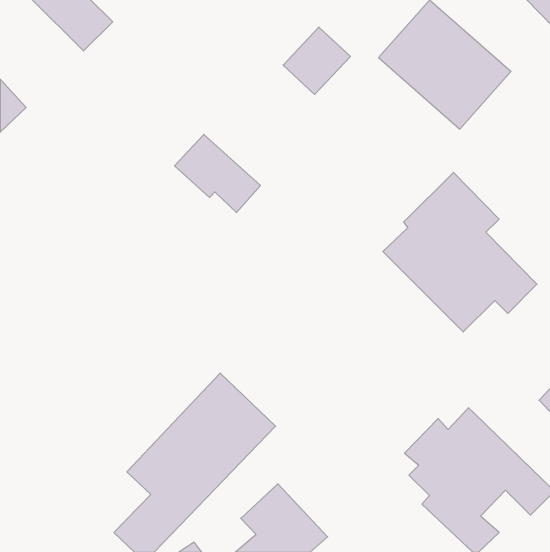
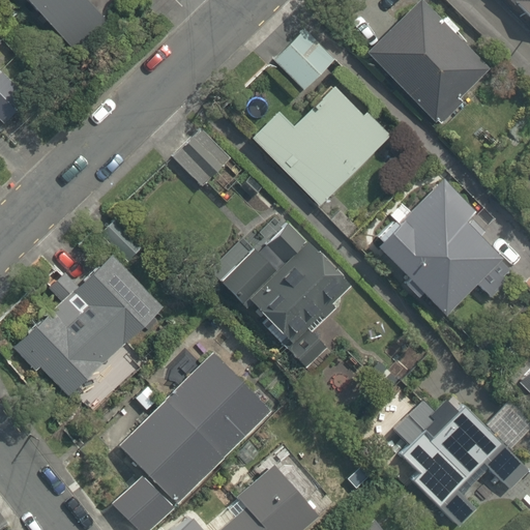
building: none -> [253,83,390,205]
building: none -> [220,218,351,357]
building: none -> [18,256,161,395]

